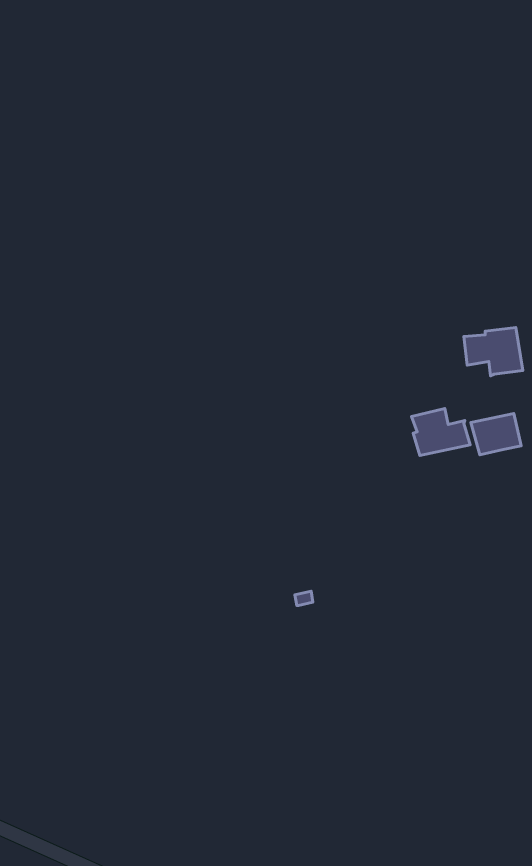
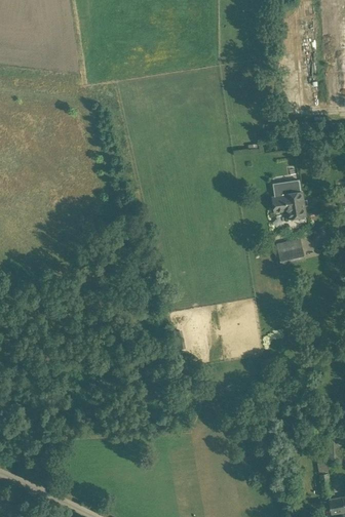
building: [412,408,470,456] -> none

